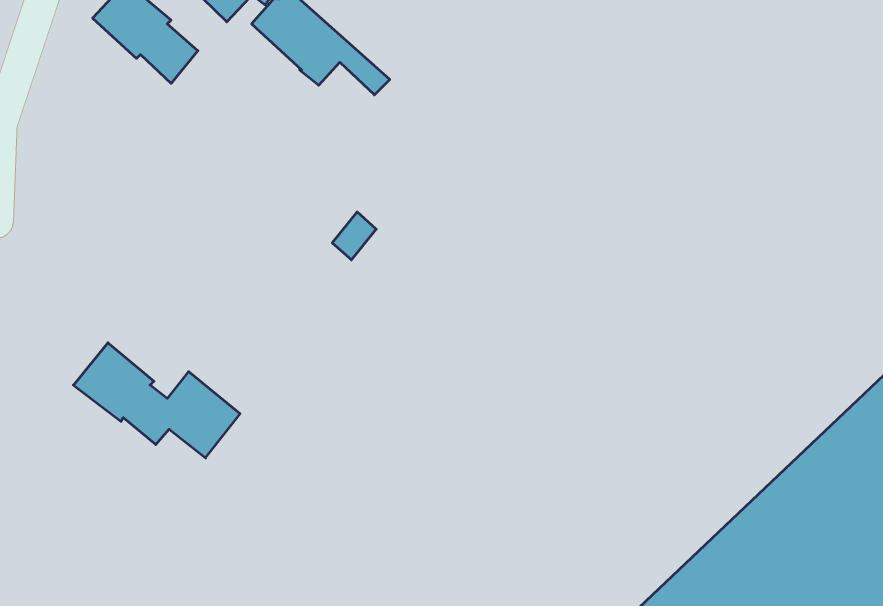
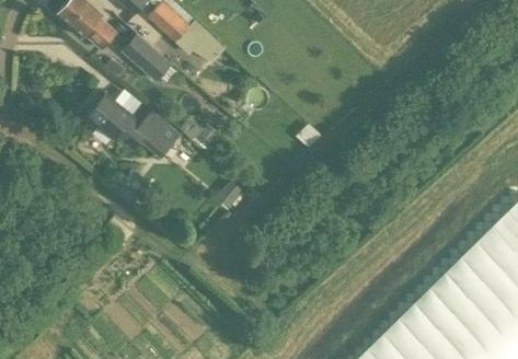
building: none -> [119,34,169,81]
building: [73,343,240,458] -> [84,93,180,159]

